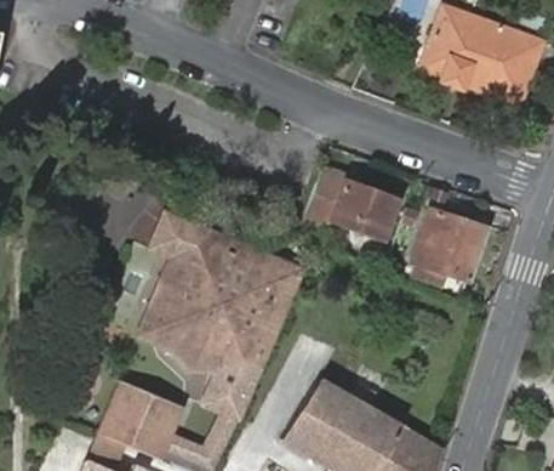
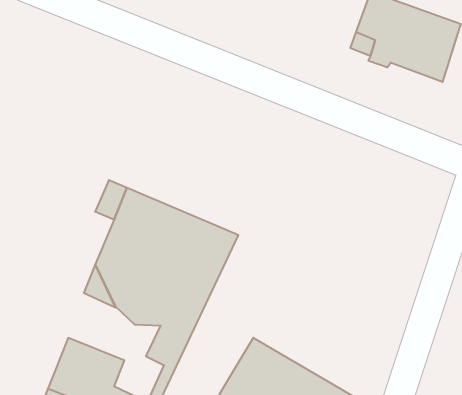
building: [305,168,399,238] -> none
building: [413,209,490,280] -> none

